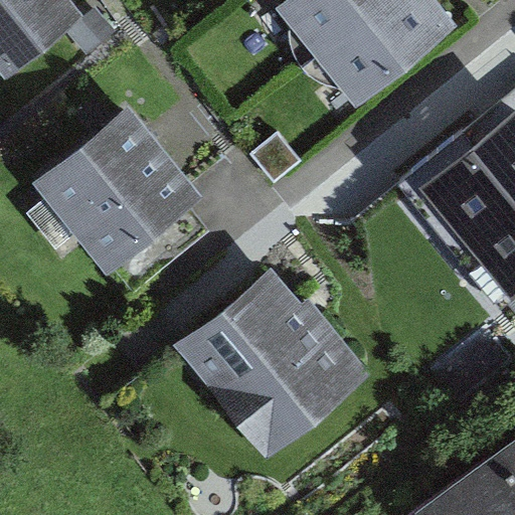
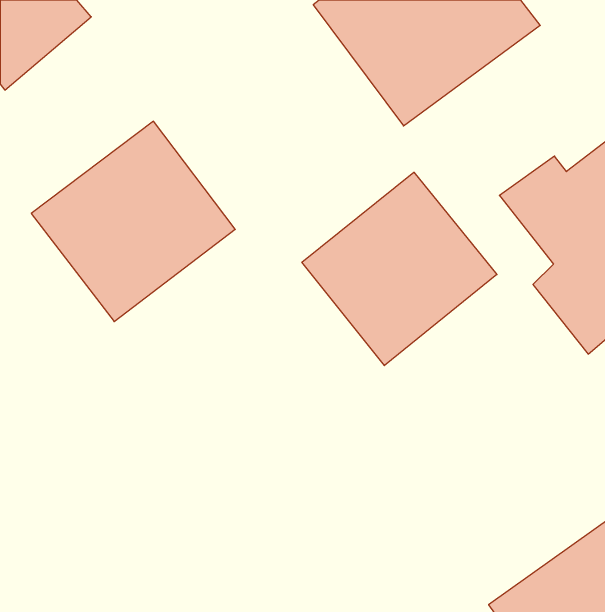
building: none -> [302,172,497,366]
building: [175,265,372,463] -> none

